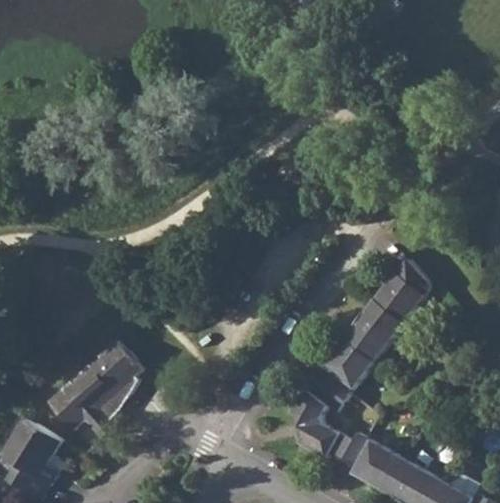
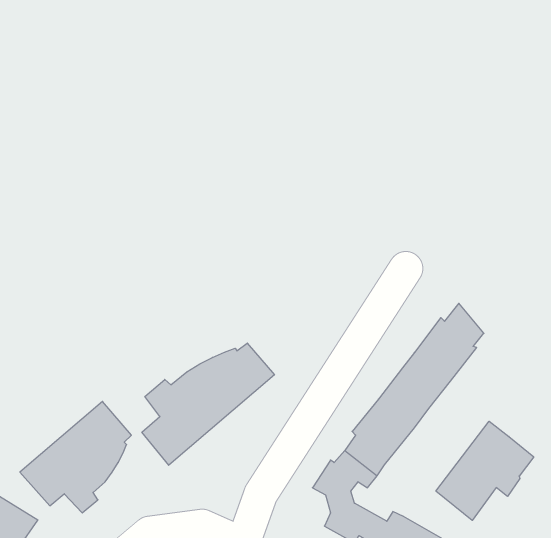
building: none -> [142,343,274,465]
building: none -> [436,421,534,520]

